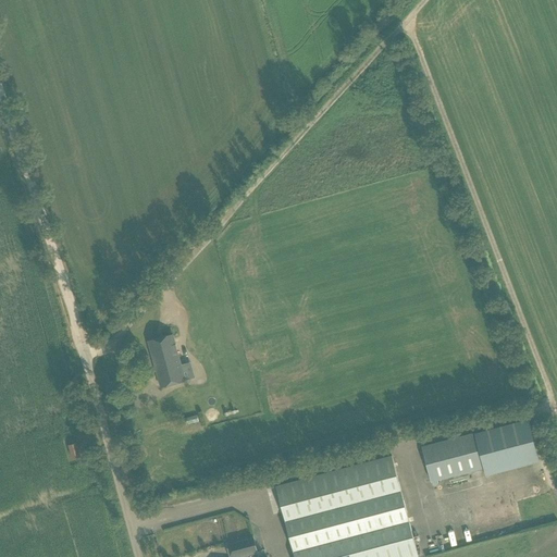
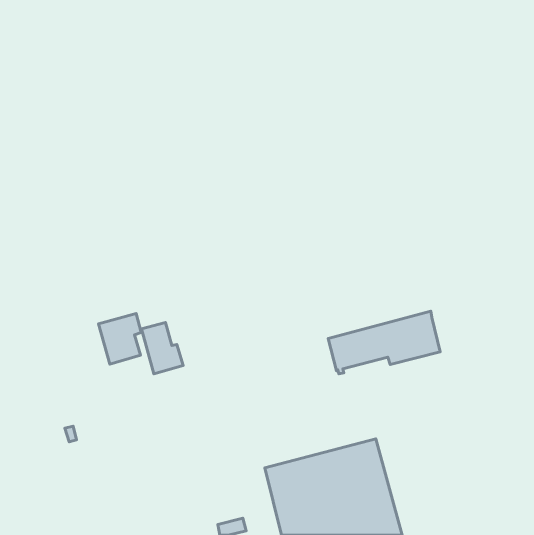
building: none -> [99,314,141,364]
building: [421,420,537,485] -> [328,311,440,374]

